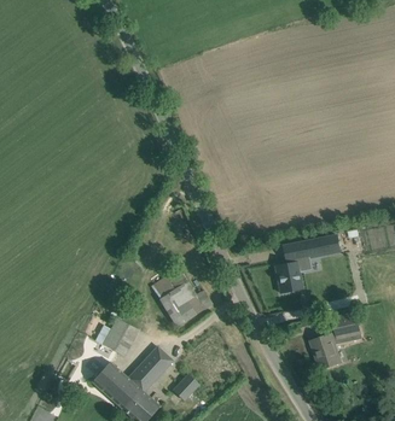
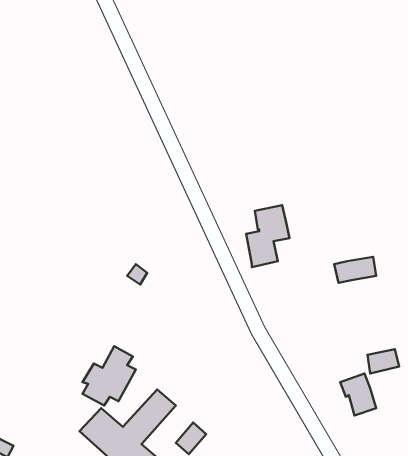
building: [275,242,312,294] -> [246,205,289,267]
building: [151,268,211,328] -> none

